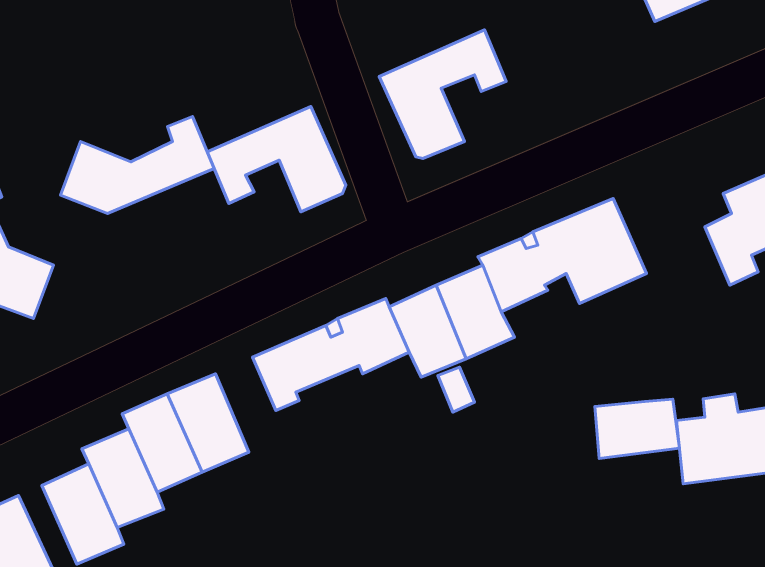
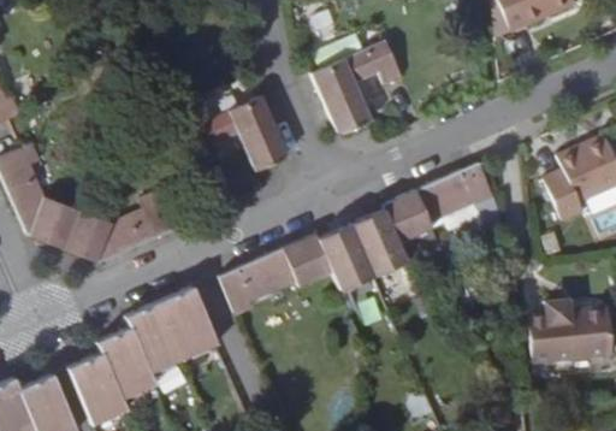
building: [61,117,214,213] -> [63,190,173,260]
building: [595,399,679,459] -> none

